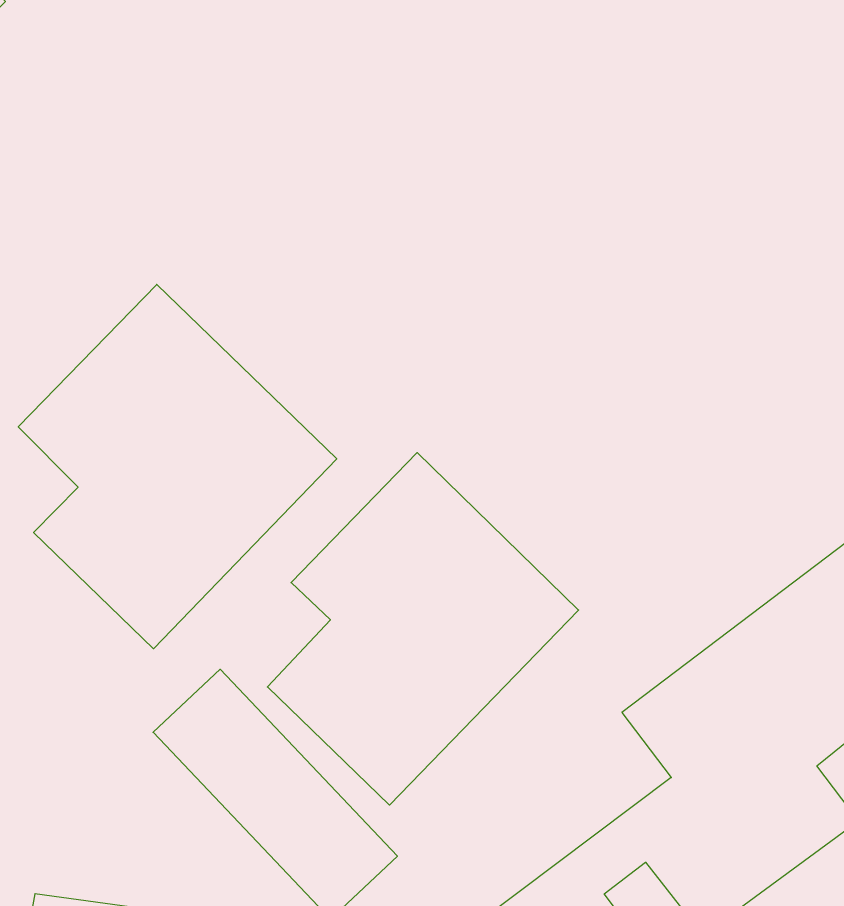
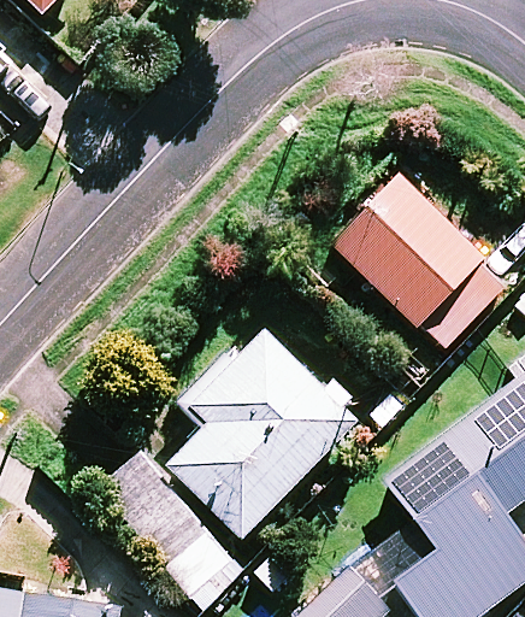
building: none -> [330,175,508,352]
building: [18,284,337,649] -> none

